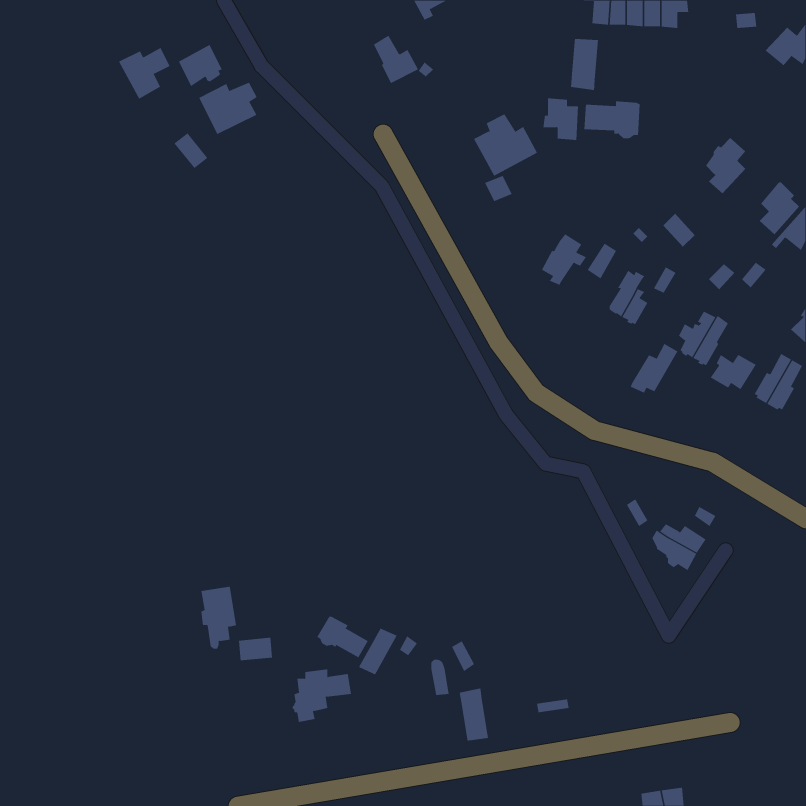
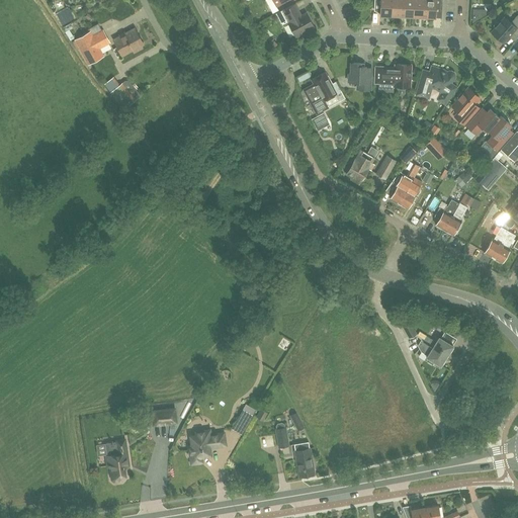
building: [373,35,419,84] -> [283,4,313,35]
building: [570,38,598,91] -> none
building: [199,82,258,135] -> none
building: none -> [416,66,456,104]
building: none -> [465,107,499,135]
building: [630,343,678,393] -> none
building: [710,354,756,390] -> none
building: [201,586,237,649] -> [107,440,131,481]
building: [317,616,368,658] -> none

